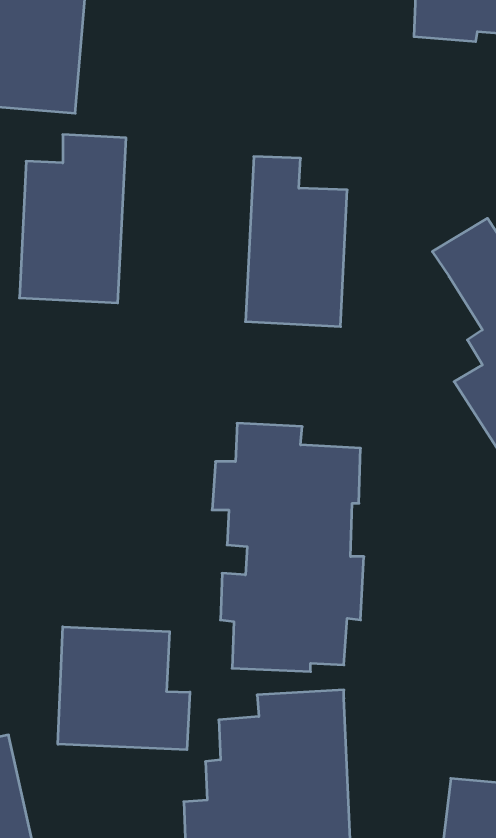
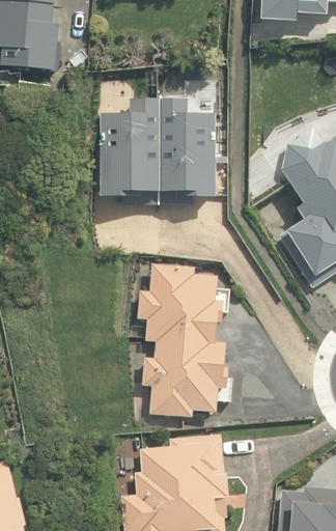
building: [19,135,126,303] -> [95,96,162,201]
building: [58,627,190,750] -> none

